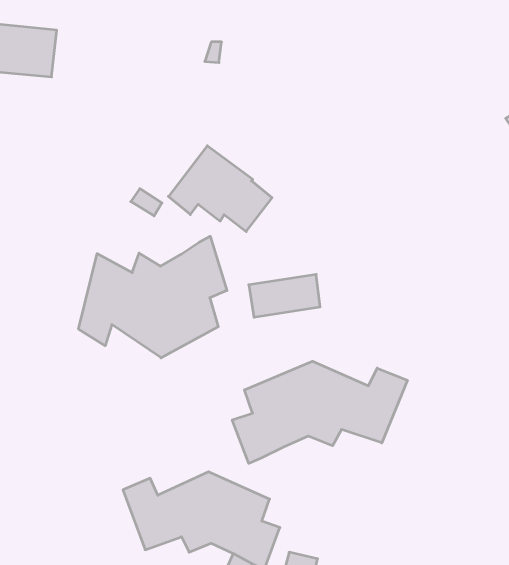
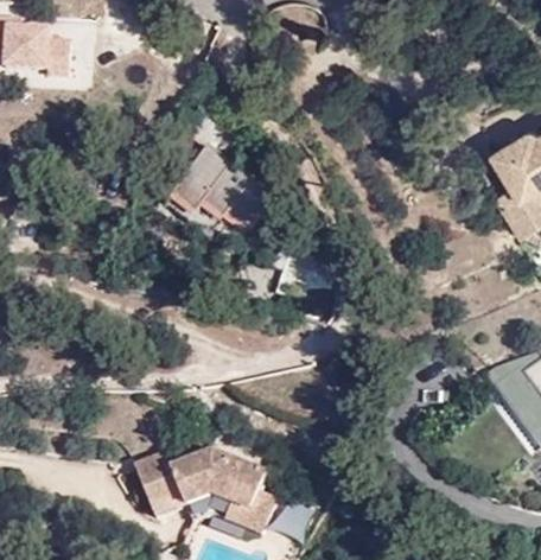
building: [79,236,227,358] -> none
building: [232,361,407,463] -> none

